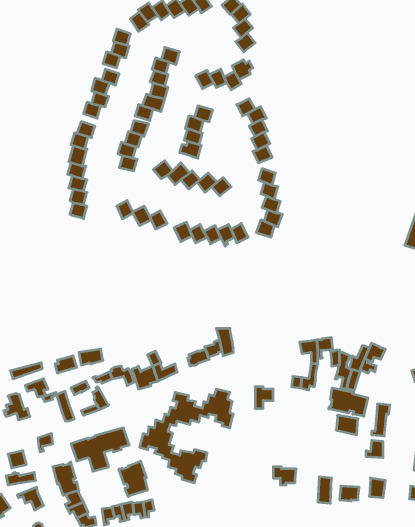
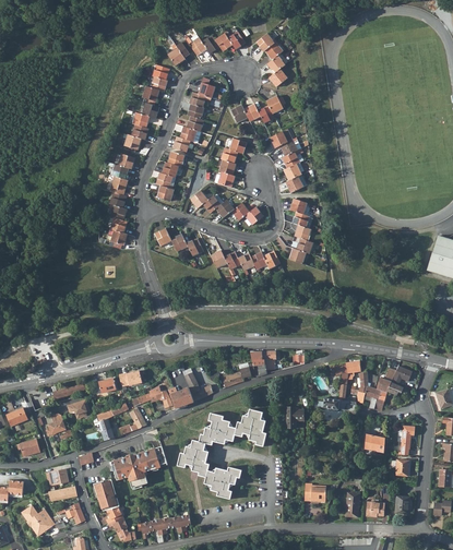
building: [329,388,368,416] -> none
building: [119,461,147,497] -> none

